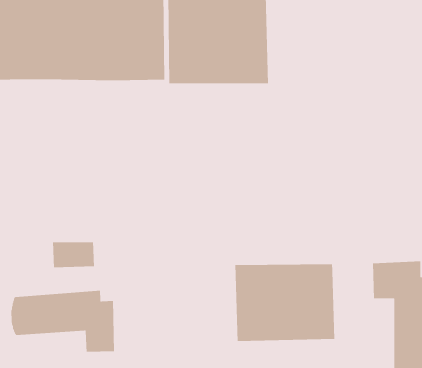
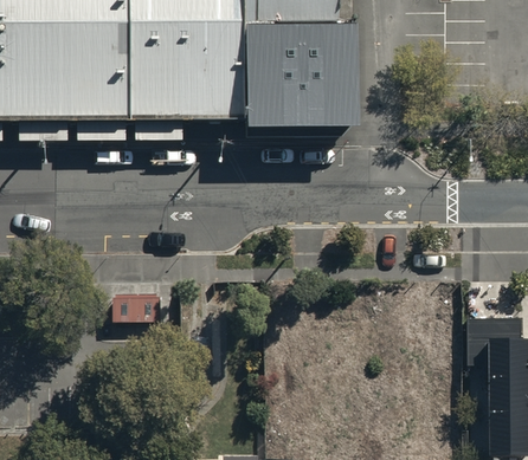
building: [235,263,335,342] -> none
building: [10,290,115,352] -> none

